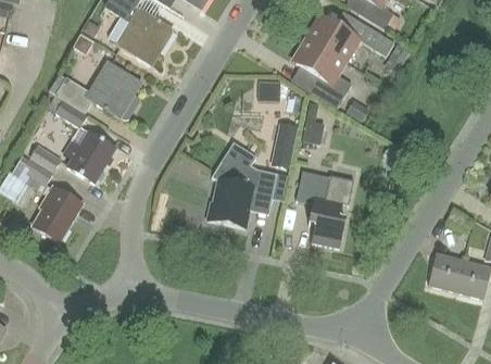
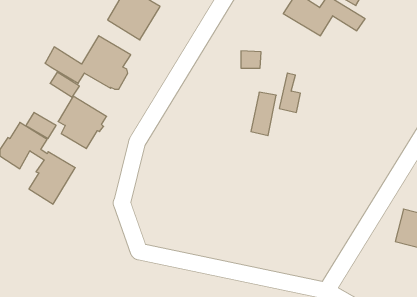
building: [291,38,351,110] -> none
building: [207,142,277,228] -> none
building: [295,172,352,249] -> none

